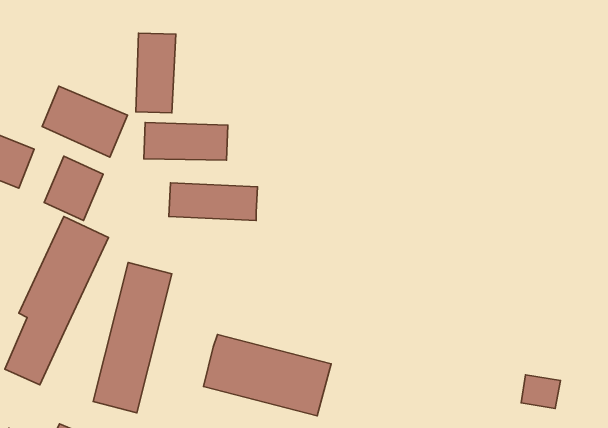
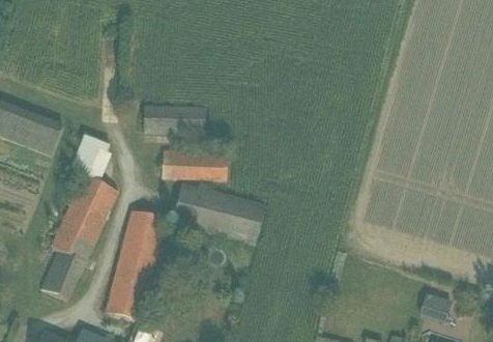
building: [136,33,176,113] -> none
building: [42,86,127,157] -> none
building: [203,334,331,416] -> [172,183,266,244]

